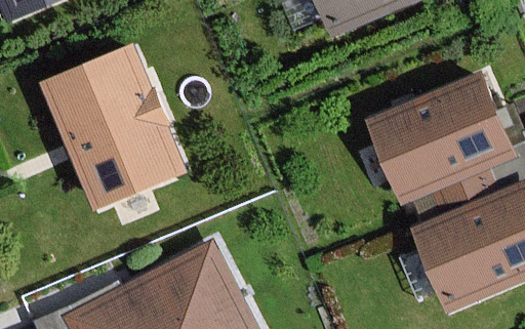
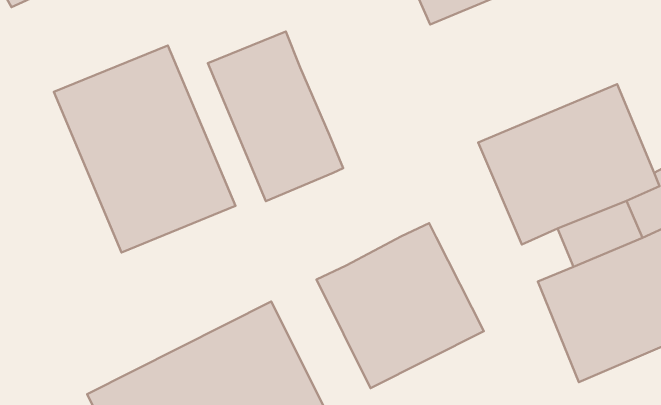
building: none -> [208,31,343,201]
building: none -> [316,223,484,388]

